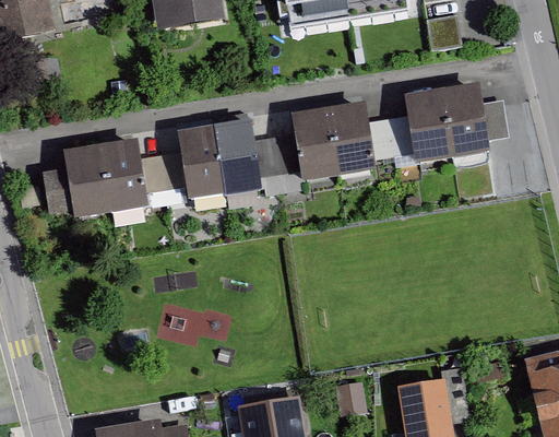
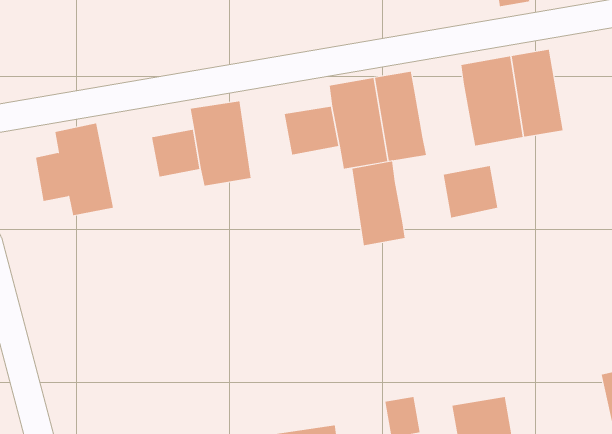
building: [366,113,413,157] -> [443,165,498,218]
building: [217,120,263,192] -> [352,161,406,246]
building: [96,138,152,217] -> none

